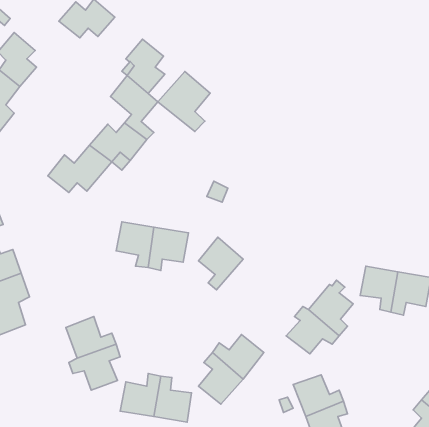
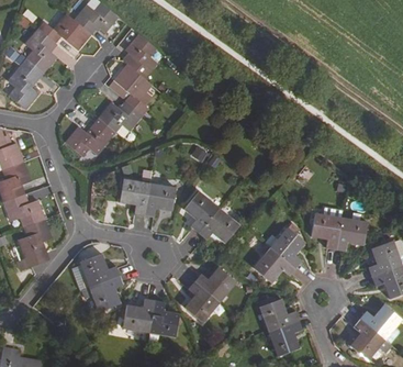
building: none -> [38,13,90,48]
building: [158,71,210,131] -> none
building: none -> [198,208,239,242]

